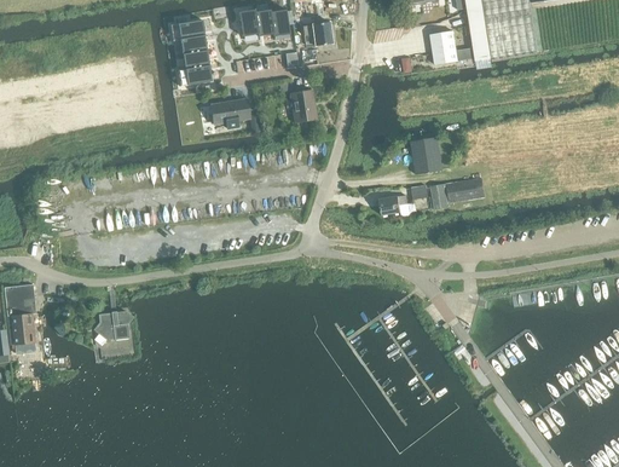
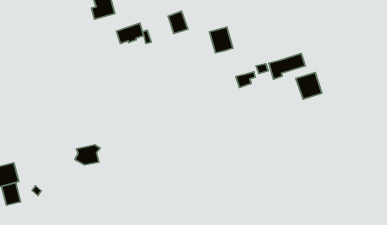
building: [411,136,442,172] -> [209,27,233,53]
building: none -> [296,72,322,99]
building: [93,310,133,338] -> [75,145,100,165]

